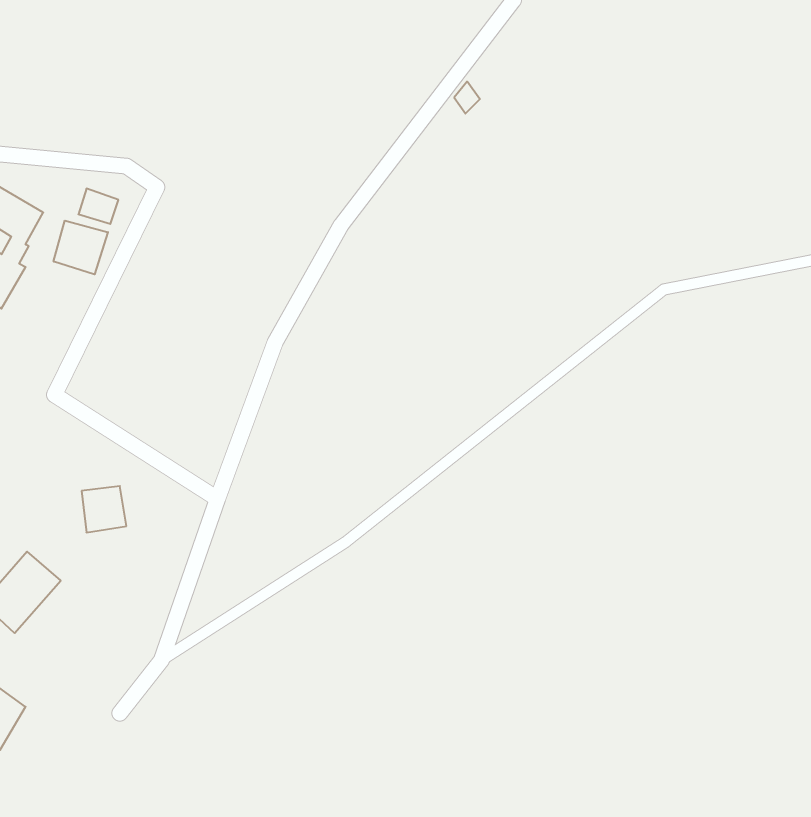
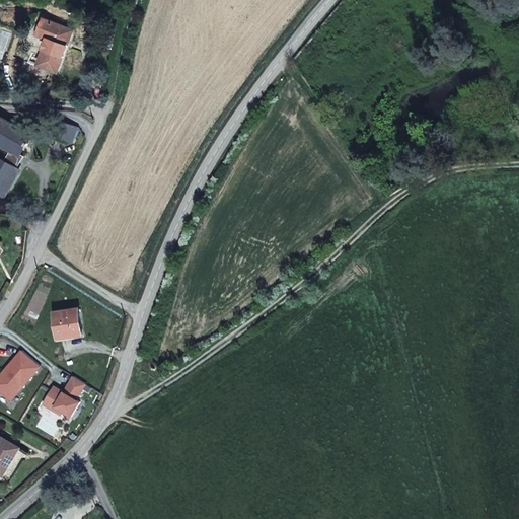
building: none -> [34,18,70,72]
building: [54,221,108,274] -> none
building: none -> [42,377,86,419]

